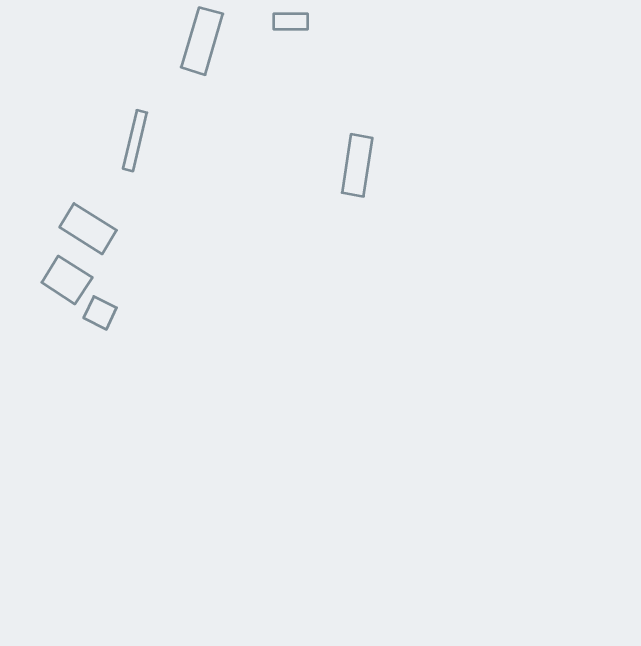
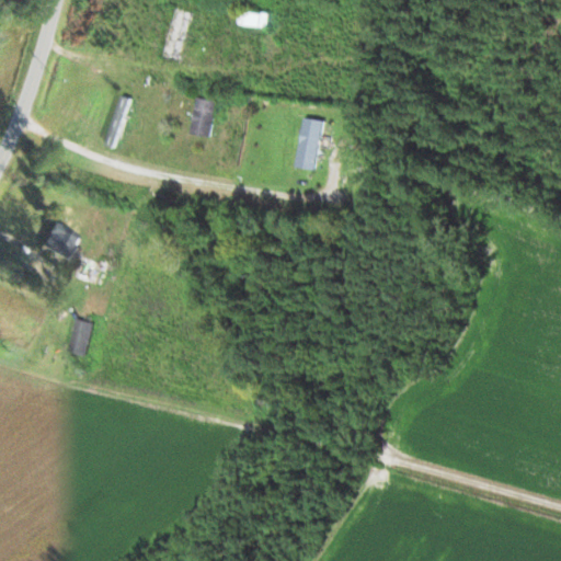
building: none -> [190,98,216,136]
building: [60,203,117,254] -> none
building: none -> [68,318,92,356]

